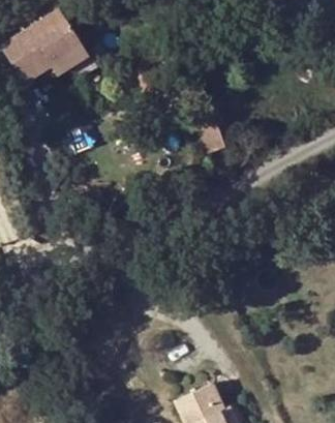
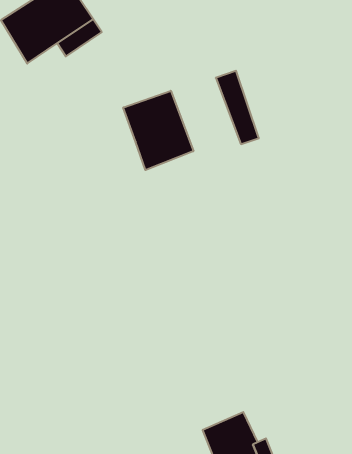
building: none -> [123,91,193,170]

